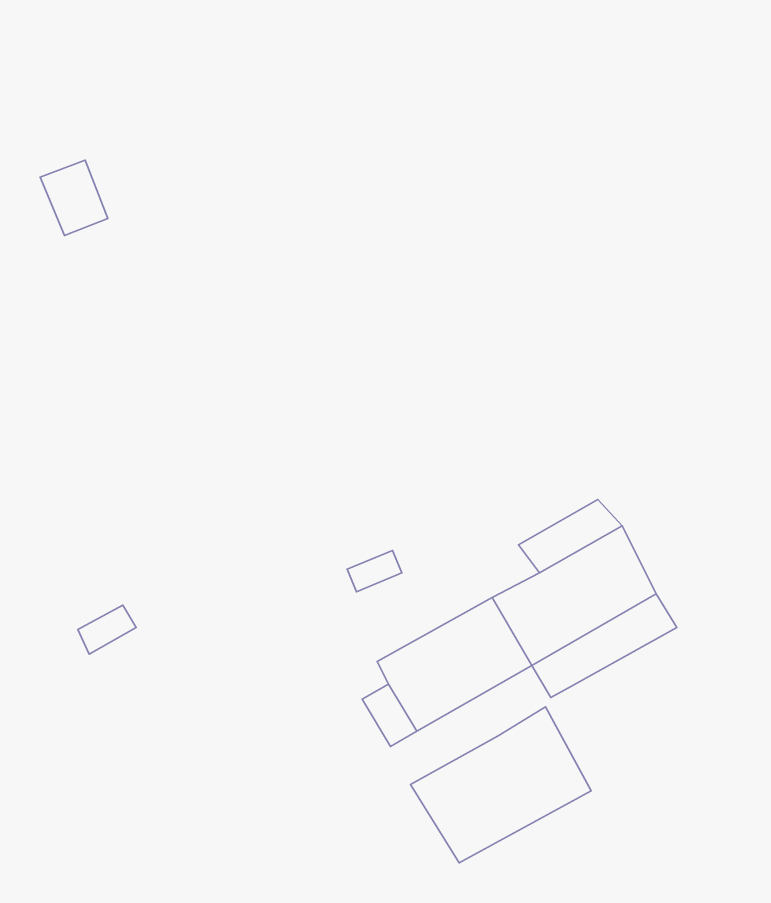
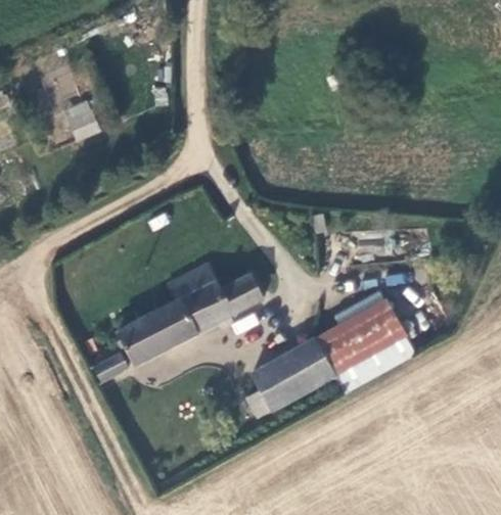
building: none -> [120,264,262,364]
building: [411,707,591,863] -> none

